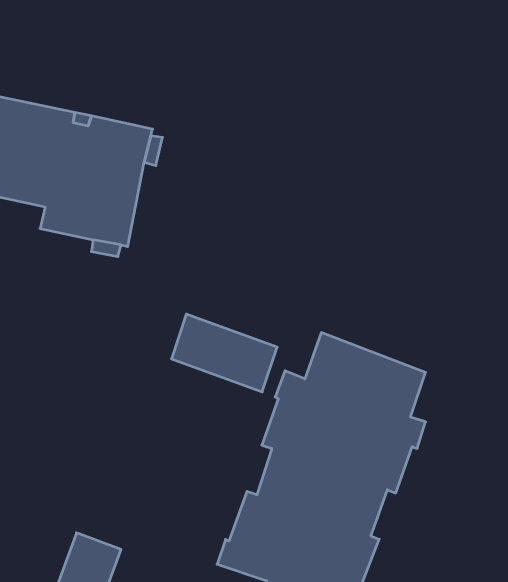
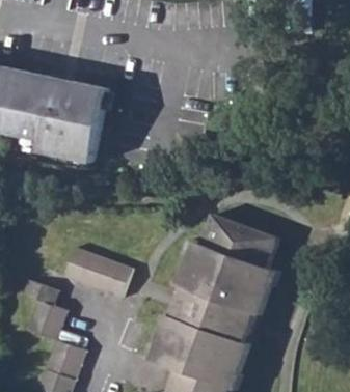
building: [171,314,277,392] -> [66,249,133,298]
building: none -> [26,280,70,340]

